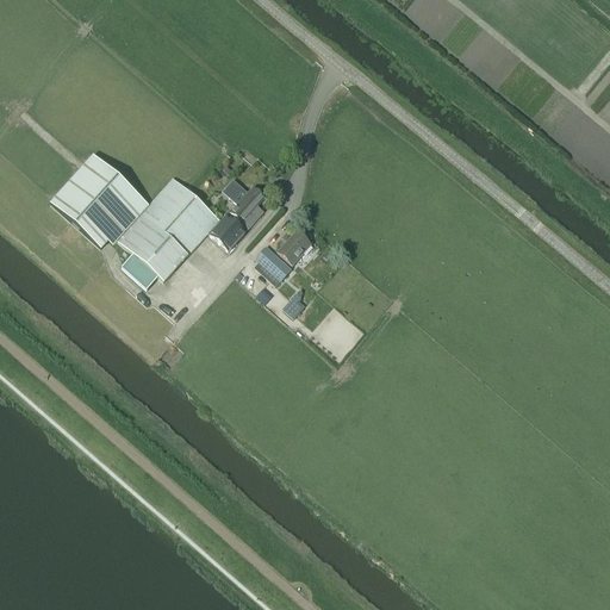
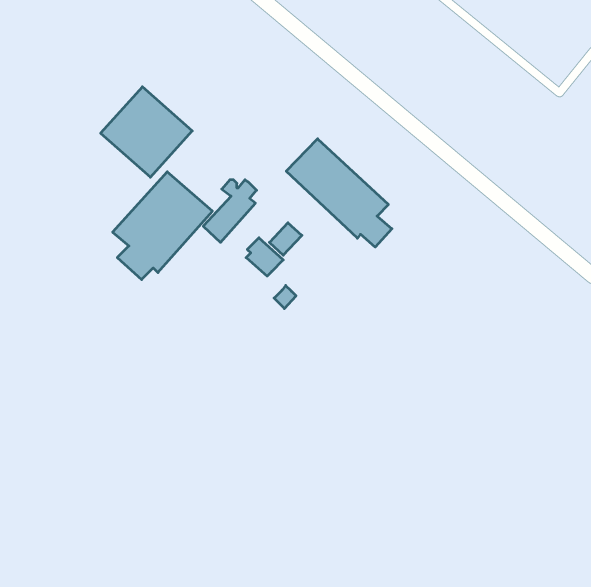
building: none -> [286,139,392,247]
building: [51,152,145,245] -> [101,87,192,177]

